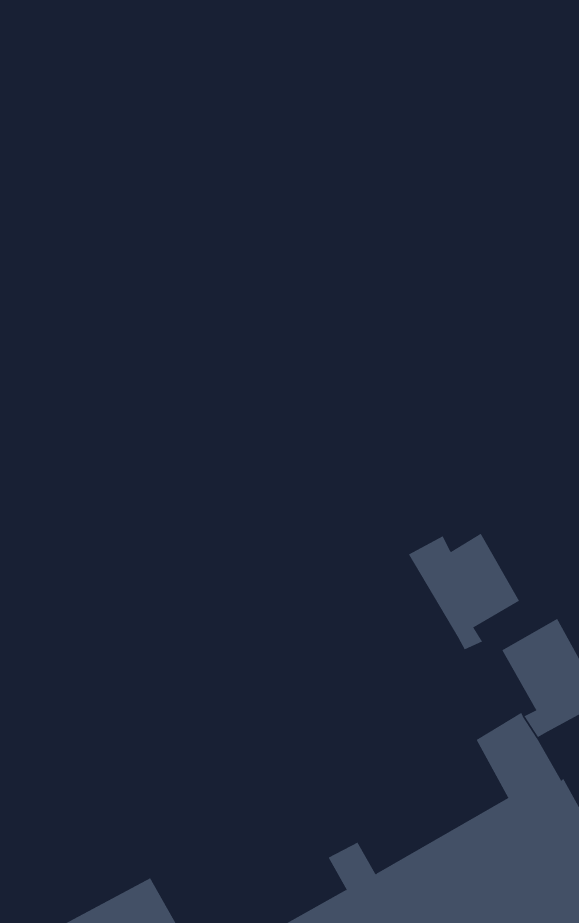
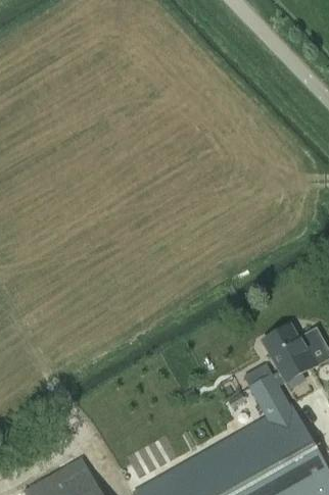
building: [408,533,520,650] -> none

